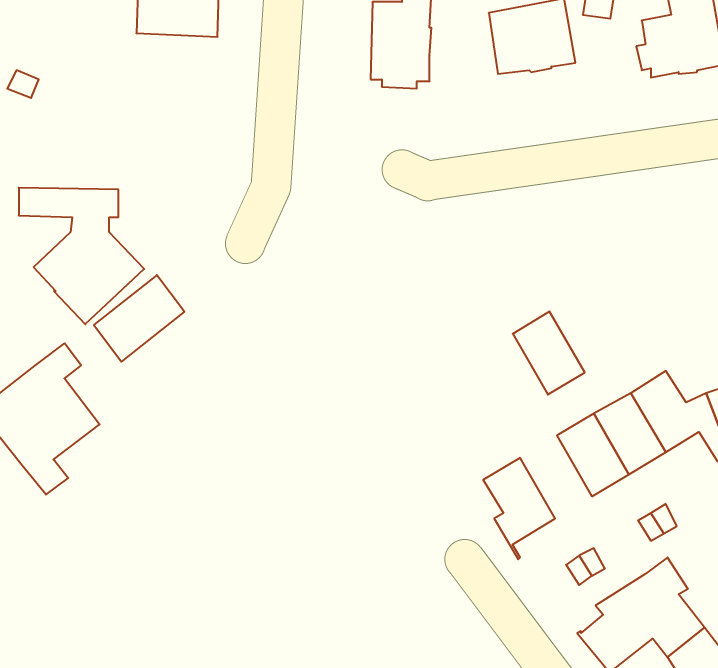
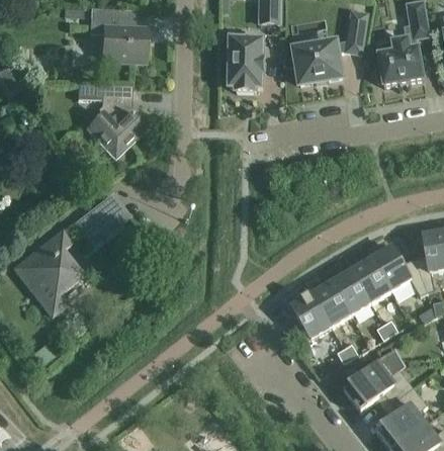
building: [19,188,144,324] -> [77,82,146,157]
building: [513,312,585,395] -> [312,280,351,326]

